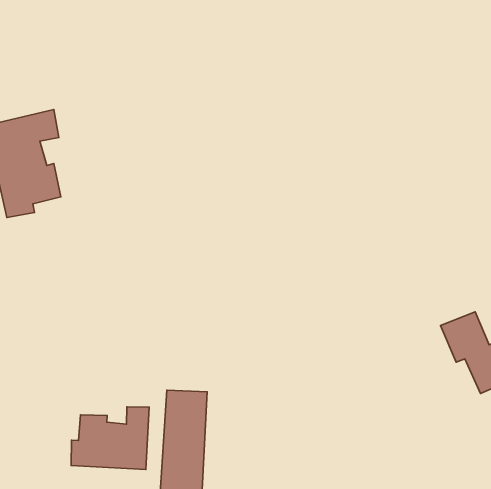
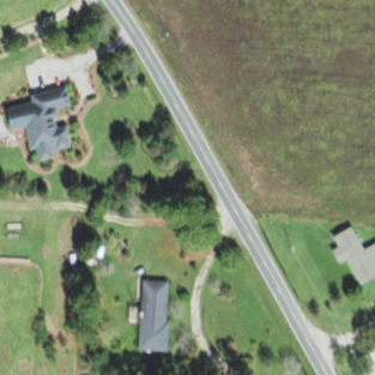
building: [71,407,149,469] -> none

